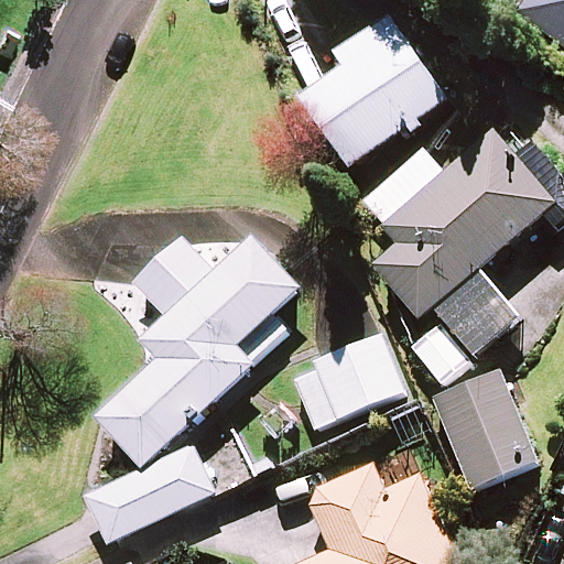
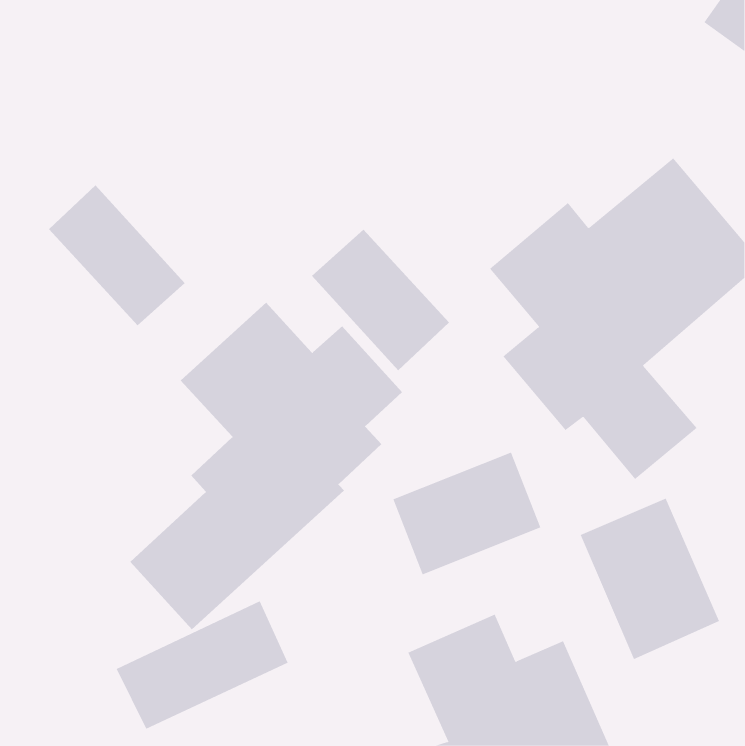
building: [306,21,444,164] -> none
building: none -> [48,185,186,326]
building: none -> [311,229,450,371]

